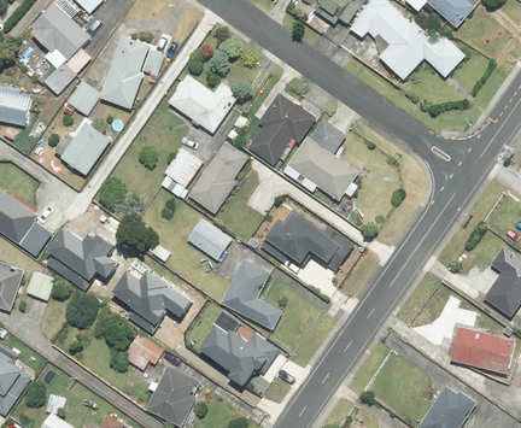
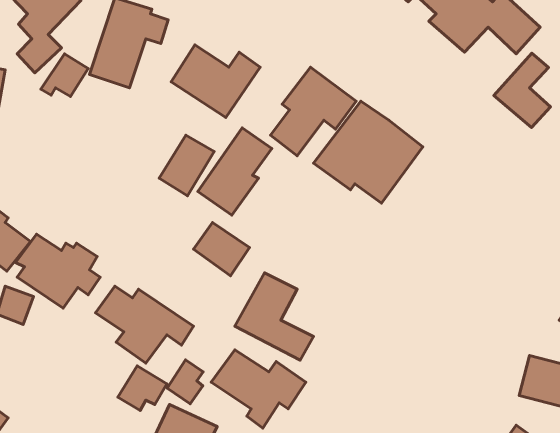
building: none -> [494,53,551,128]
building: [52,116,111,176] -> none
building: [253,209,352,270] -> none
building: none -> [167,360,203,404]

